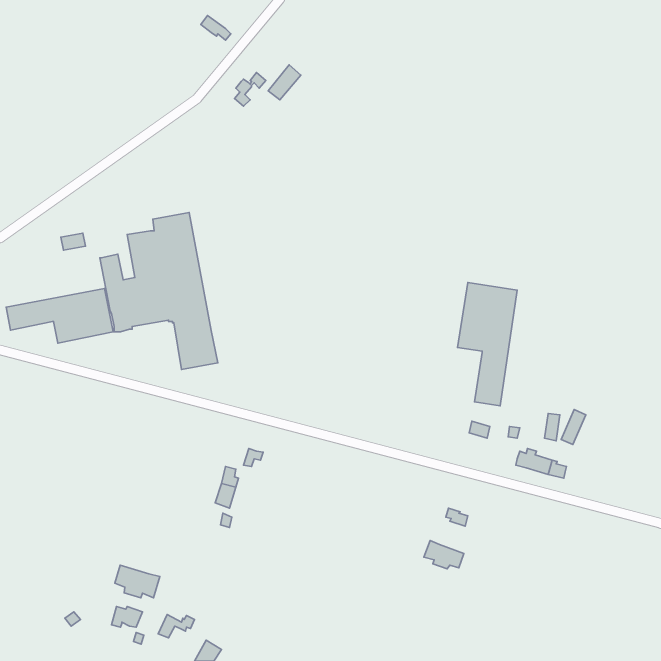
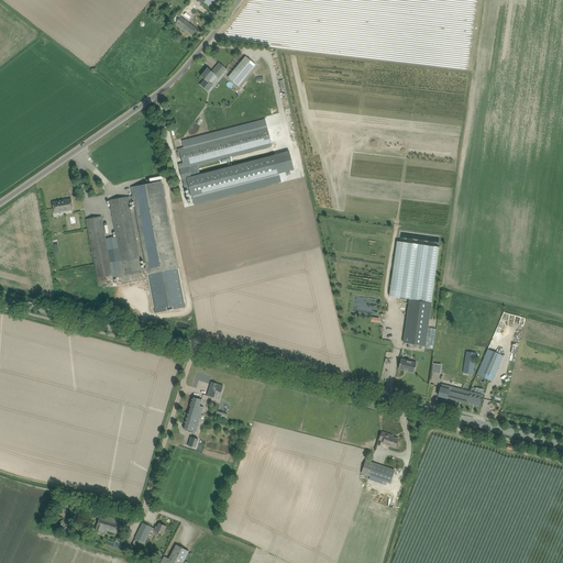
building: none -> [176,126,292,195]
building: [6,288,113,343] -> none
building: [115,565,160,598] -> none

